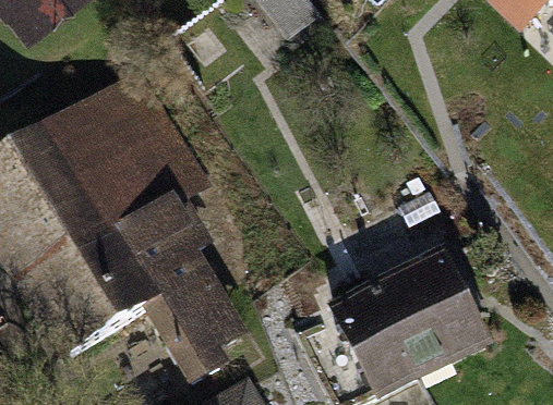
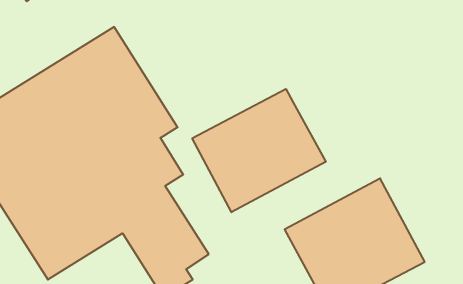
building: none -> [192,89,326,212]

